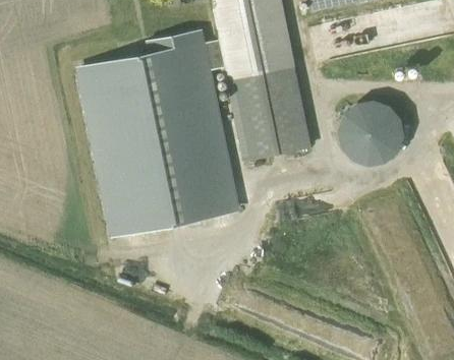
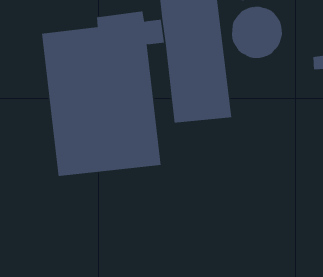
building: [341,102,402,164] -> [231,6,283,59]

